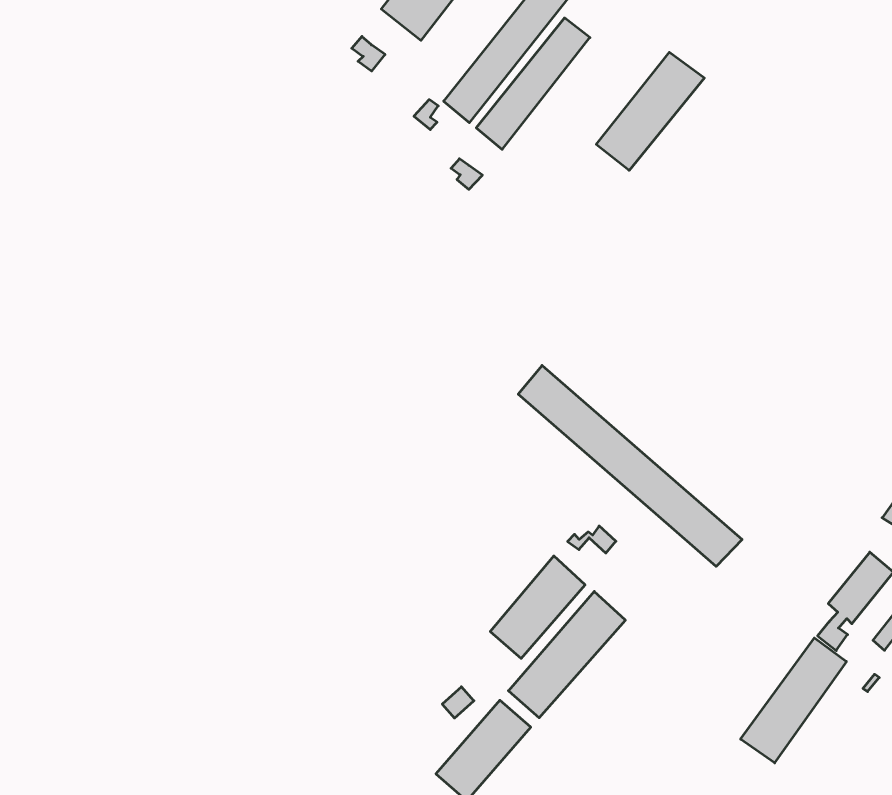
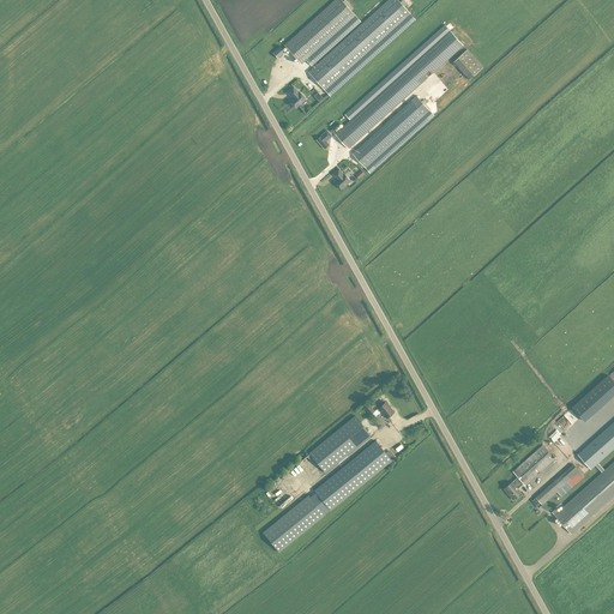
building: [596,52,704,170] -> none
building: [518,365,742,566] -> none
building: [741,638,846,763] -> none

